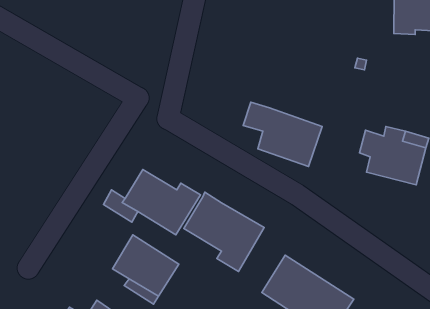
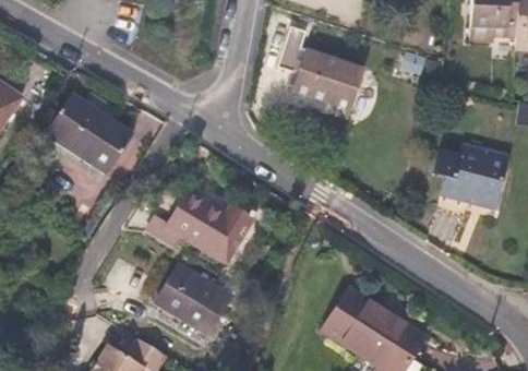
building: none -> [46,94,131,172]
building: [243,102,322,166] -> [276,39,364,111]
building: [184,192,264,271] -> none

